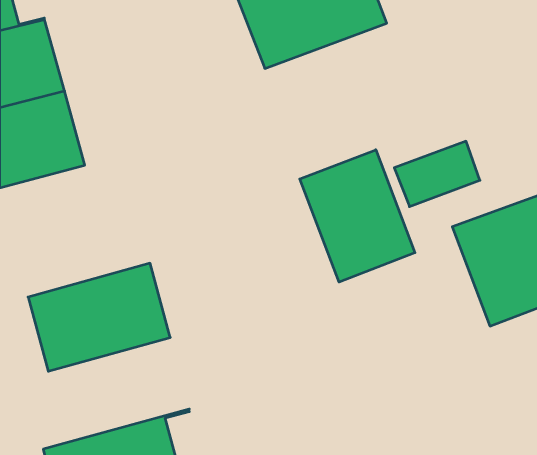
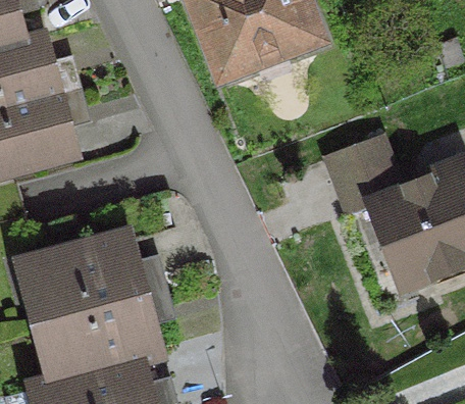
building: [300,150,415,282] -> none
building: none -> [38,296,157,387]

